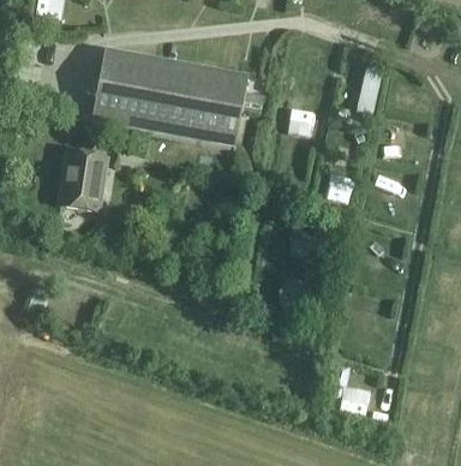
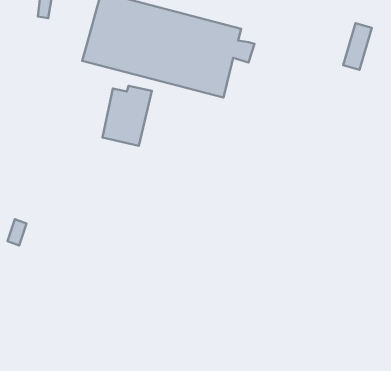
building: [60,149,107,209] -> [103,86,152,146]

